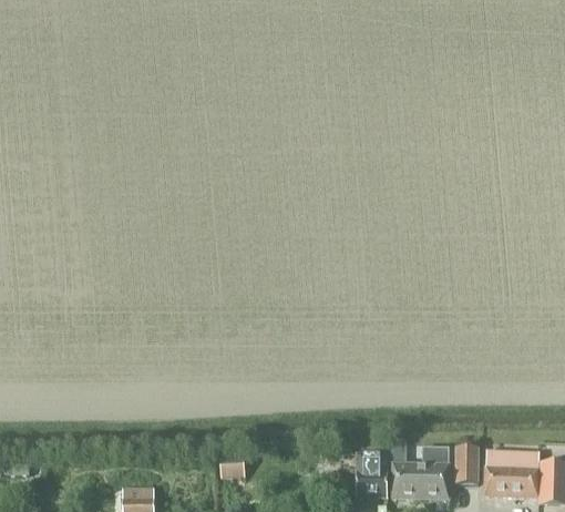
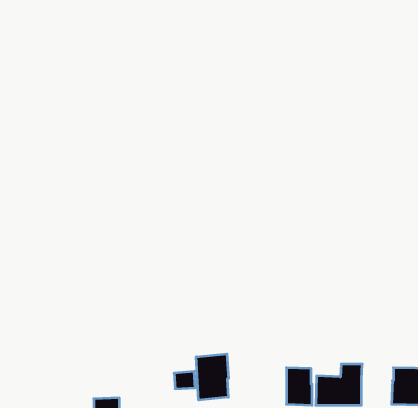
building: none -> [196,354,228,400]
building: [455,446,480,482] -> none

